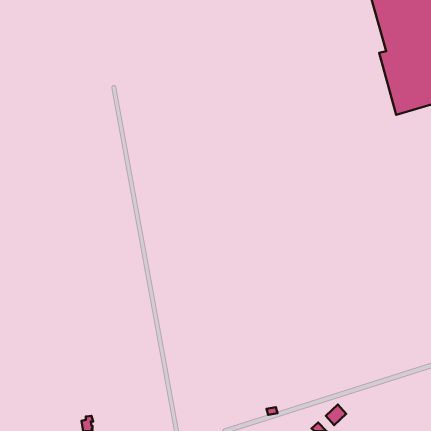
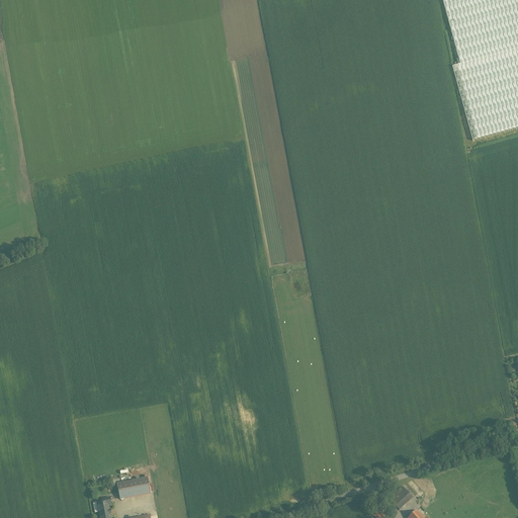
building: none -> [120,474,154,496]

